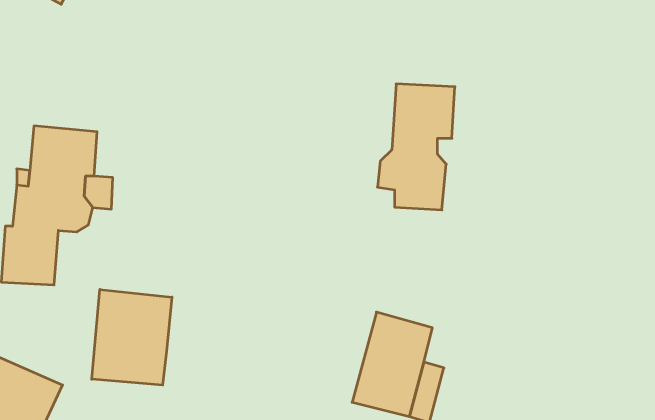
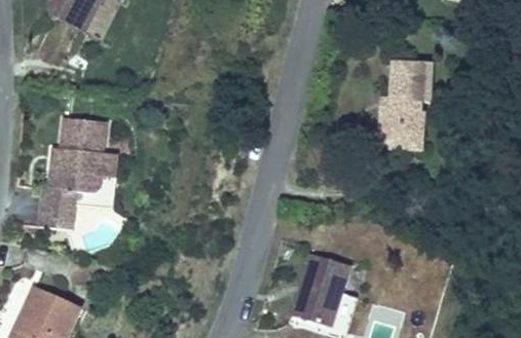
building: [377,84,455,210] -> [375,62,431,152]
building: [92,289,172,385] -> none

